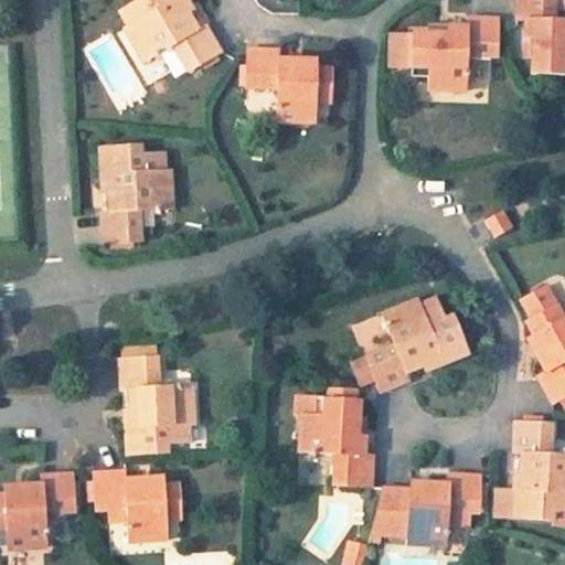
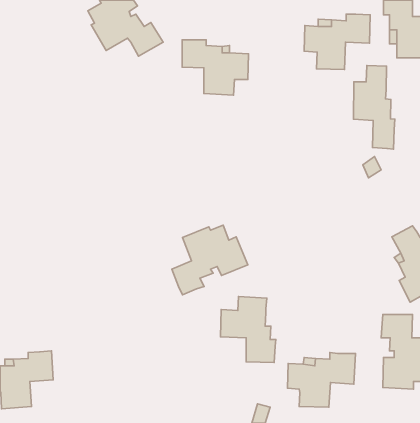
building: none -> [353,66,395,149]
building: [100,148,173,247] -> none
building: [365,296,467,388] -> [172,225,248,295]
building: [125,351,195,450] -> none
building: [93,466,184,539] -> none

